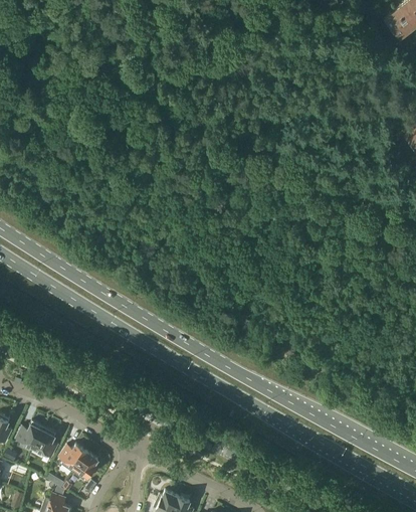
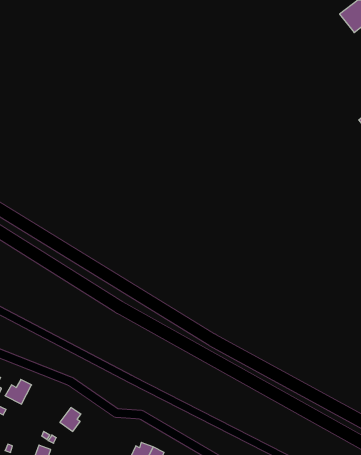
building: [34,428,58,458] -> none
building: [59,445,88,469] -> none

